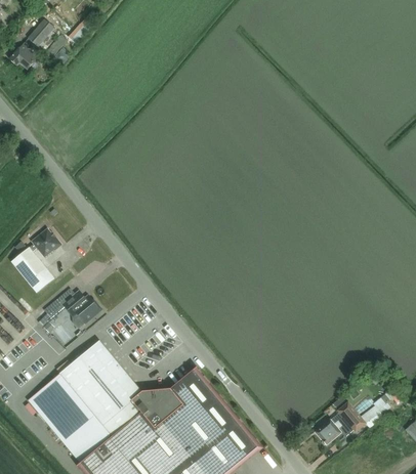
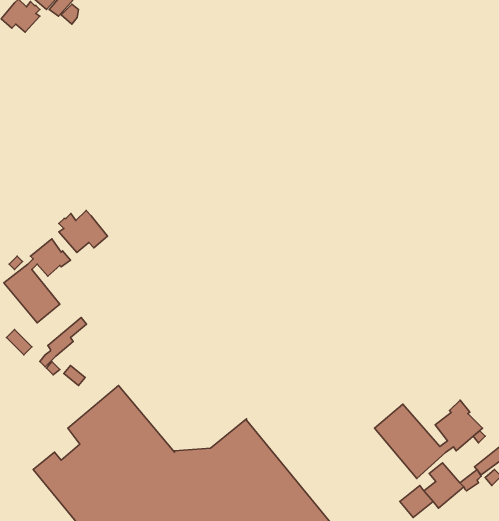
building: none -> [59,211,107,252]
building: [61,290,101,328] -> none
building: none -> [375,400,482,478]

